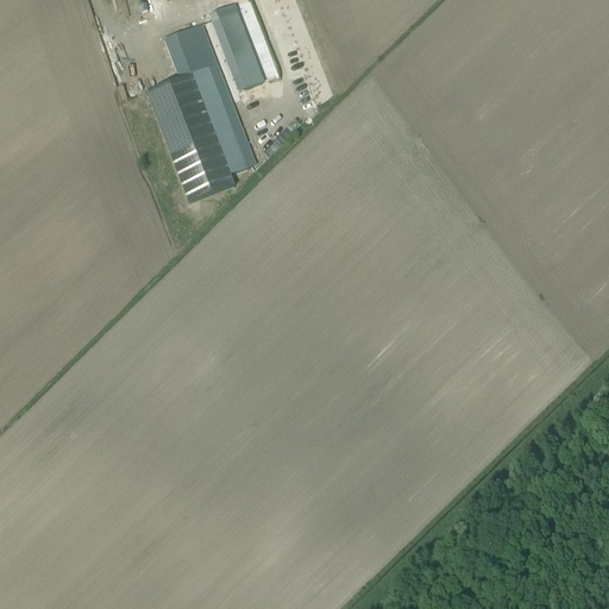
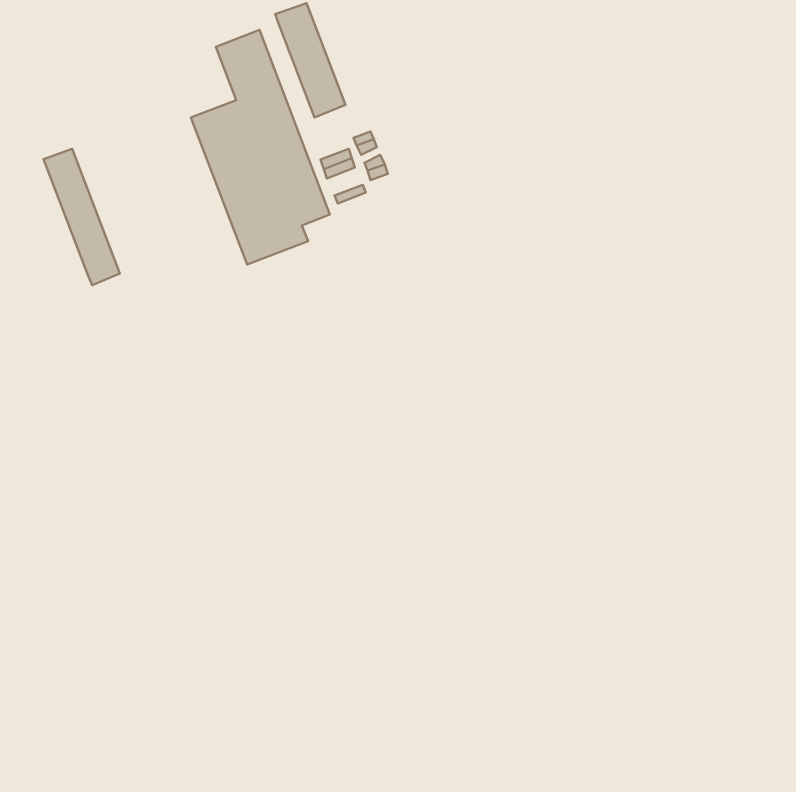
building: none -> [44,149,120,285]

